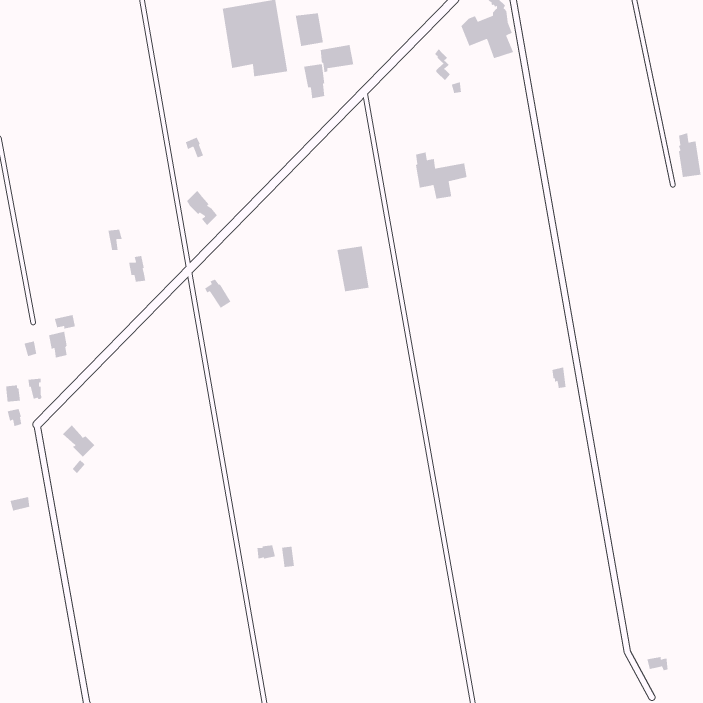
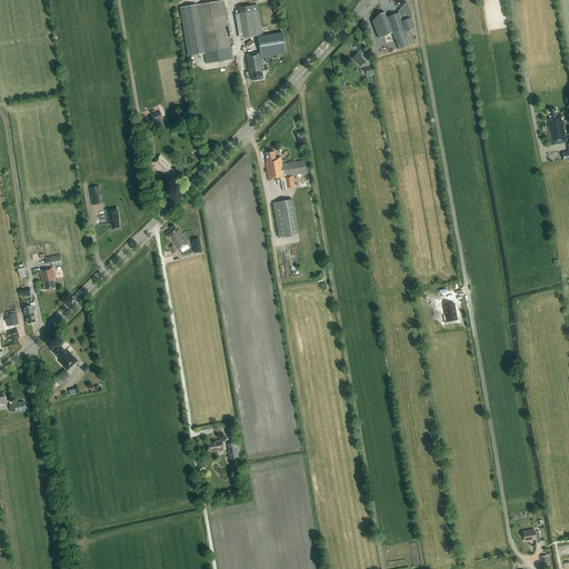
building: [415,151,467,200] -> [264,150,307,189]

